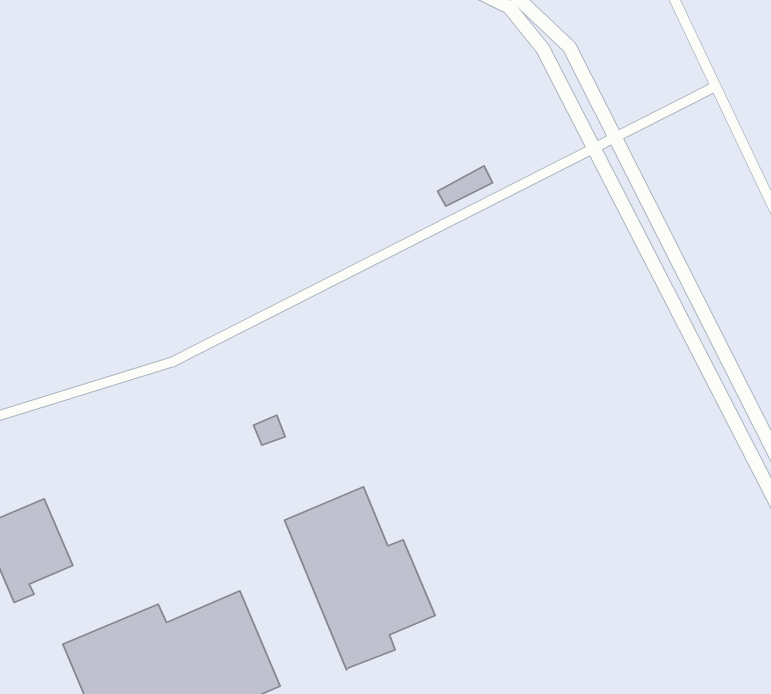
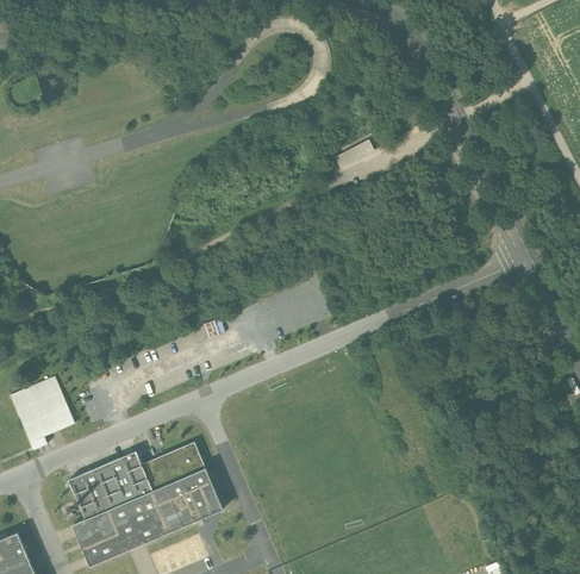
building: [285,487,435,670] -> none

